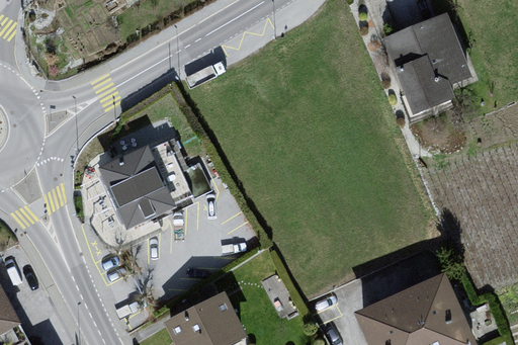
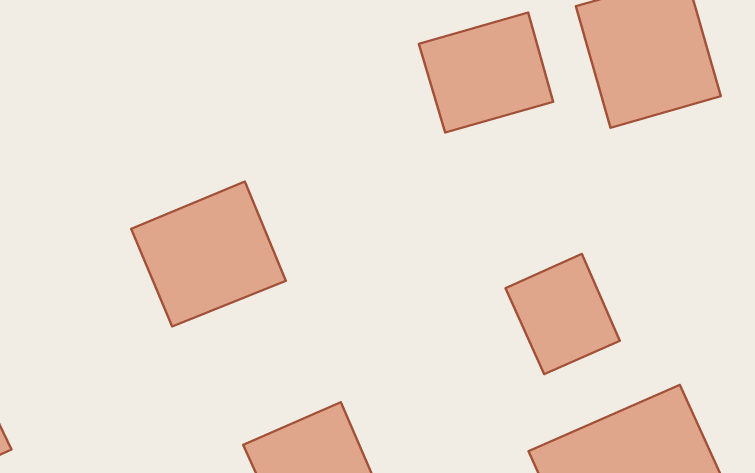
building: none -> [419,13,553,132]
building: none -> [505,254,620,374]

